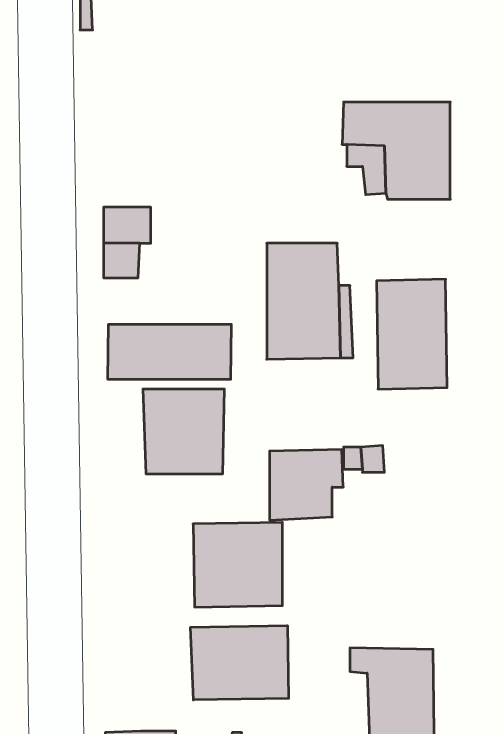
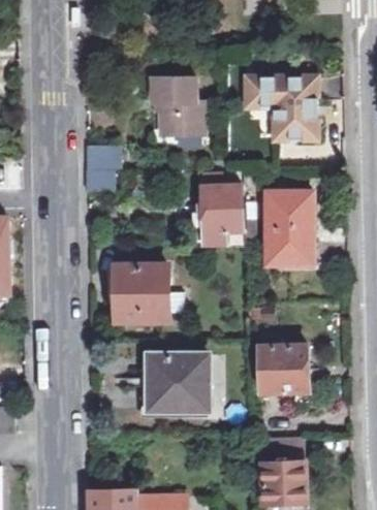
building: none -> [152,77,203,135]
building: [108,324,231,379] -> none
building: [270,450,343,520] -> [259,345,308,391]
building: [191,626,289,700] -> none

